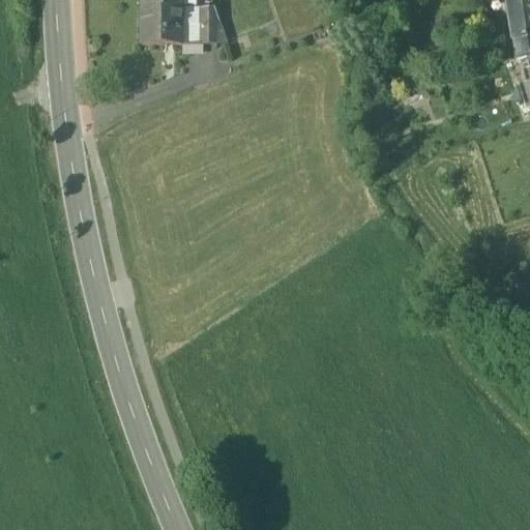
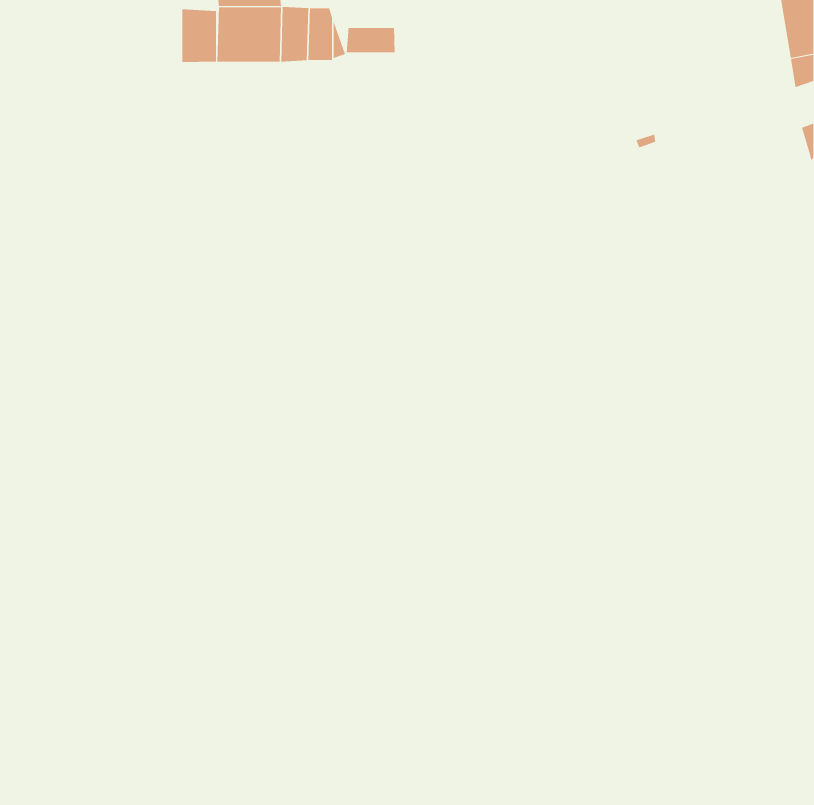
building: none -> [182,8,217,63]
building: none -> [346,27,395,53]

